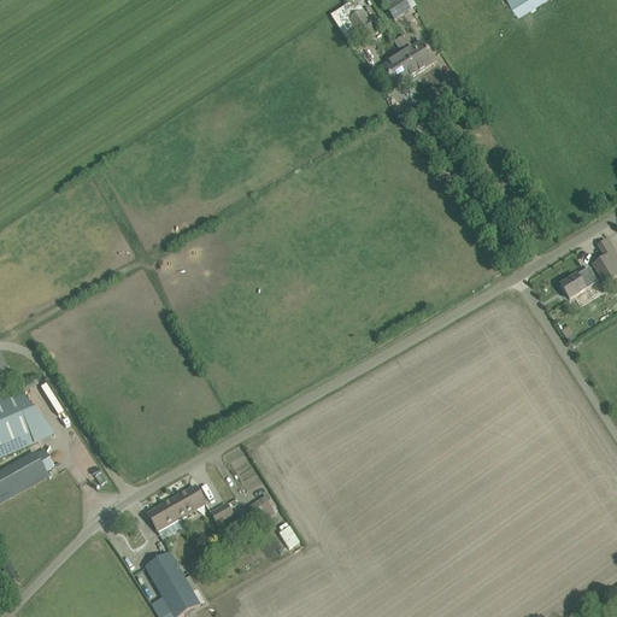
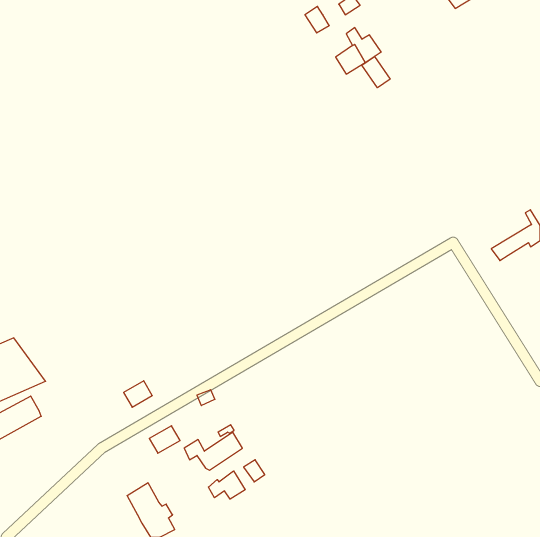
building: none -> [362,56,390,88]
building: [147,499,180,529] -> [124,381,152,407]
building: none -> [208,471,245,499]

